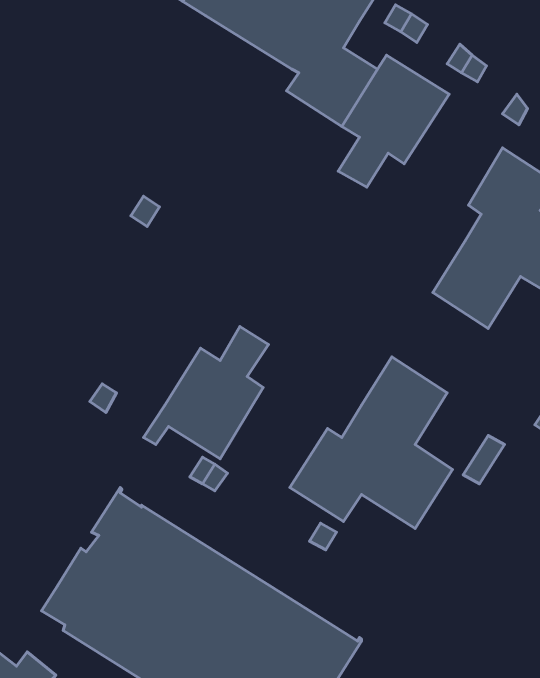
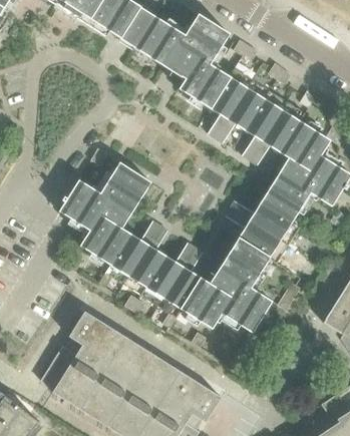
building: none -> [243,90,306,164]
building: none -> [59,161,151,265]
building: none -> [226,200,300,263]
building: none -> [141,243,203,328]

